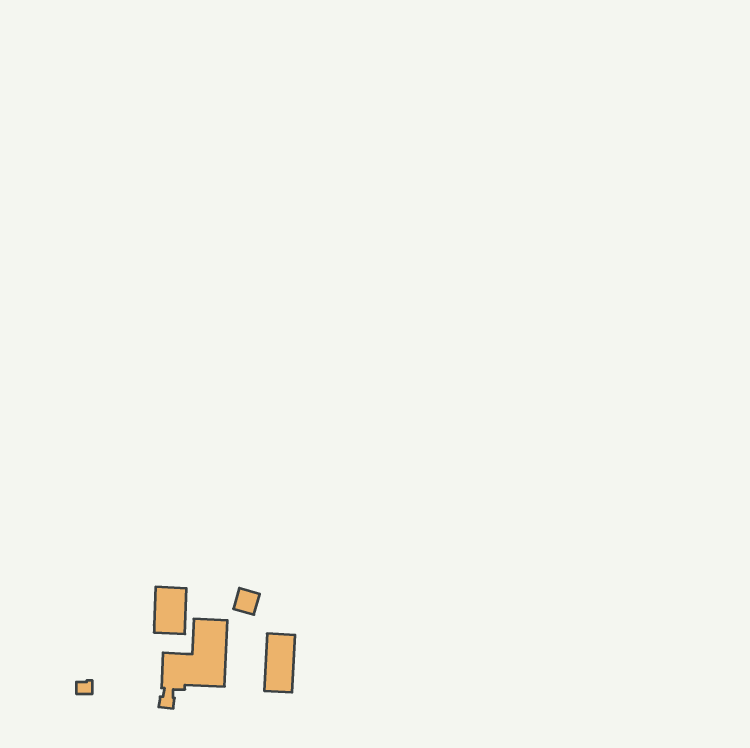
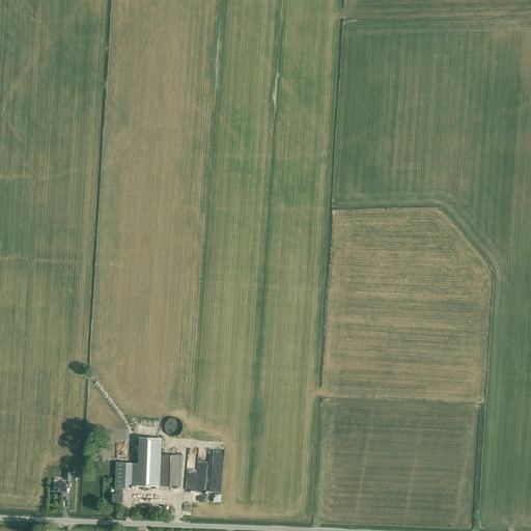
building: [154,587,186,634] -> [159,453,181,486]

